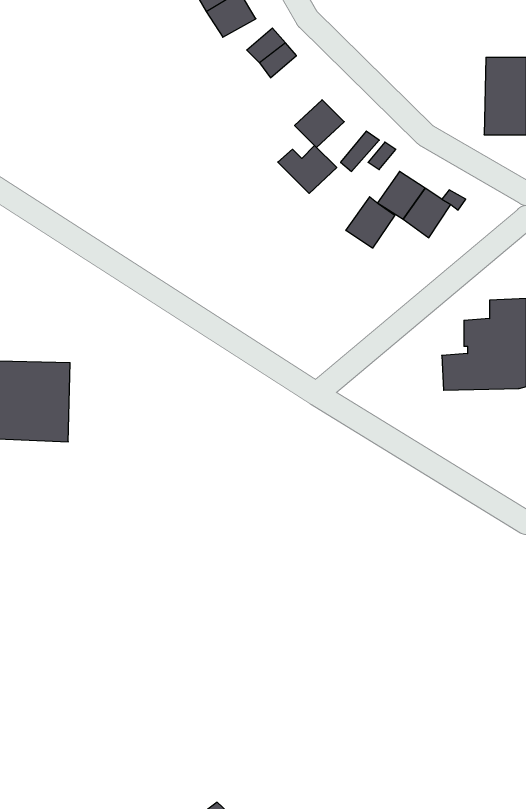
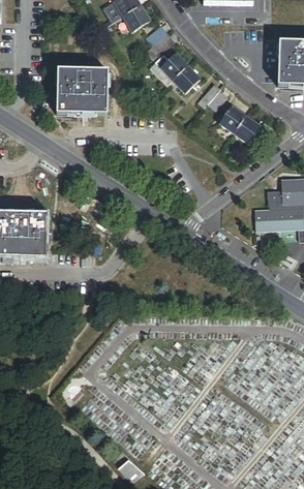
building: none -> [57,69,107,113]
building: [278,146,337,193] -> [154,53,187,80]
building: [346,197,395,248] -> none

